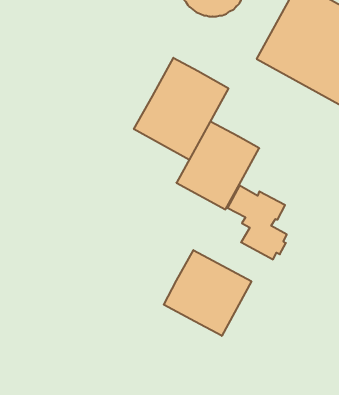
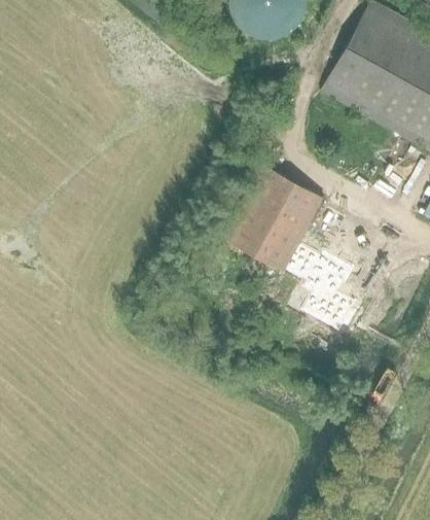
building: [134,58,228,160] -> none
building: [164,250,251,336] -> none

